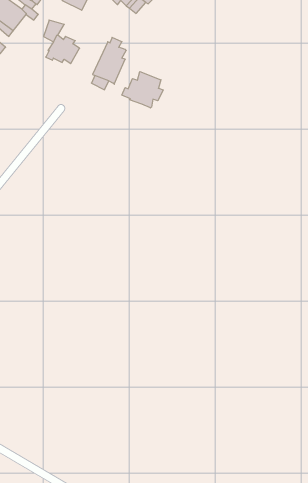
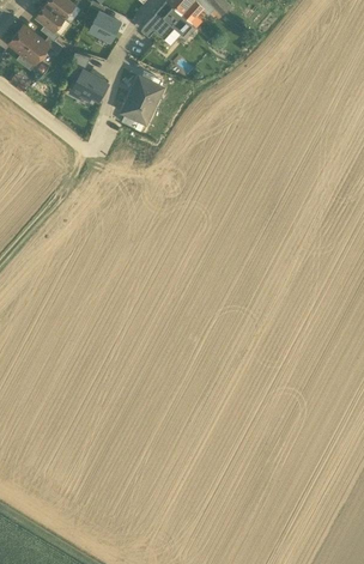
building: [122,72,163,108] -> none

